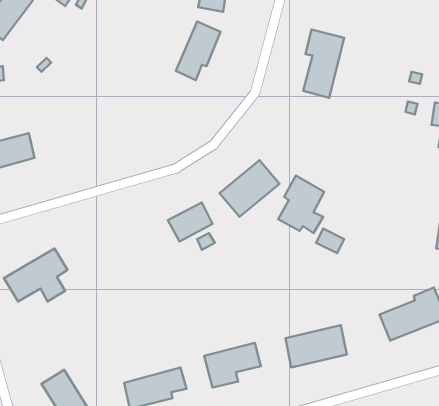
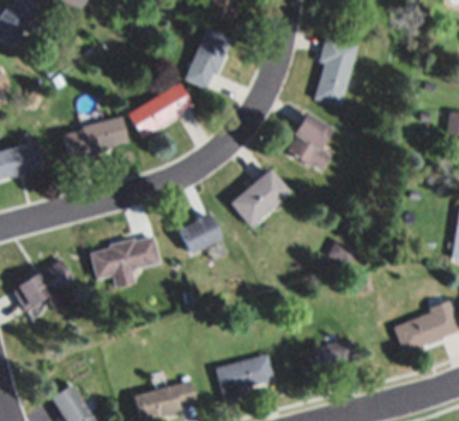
building: none -> [127,82,193,137]
building: none -> [62,116,127,160]
building: [278,176,324,233] -> [286,112,333,170]
building: none -> [90,236,161,289]

